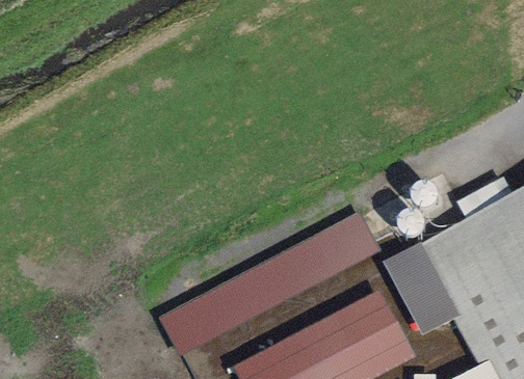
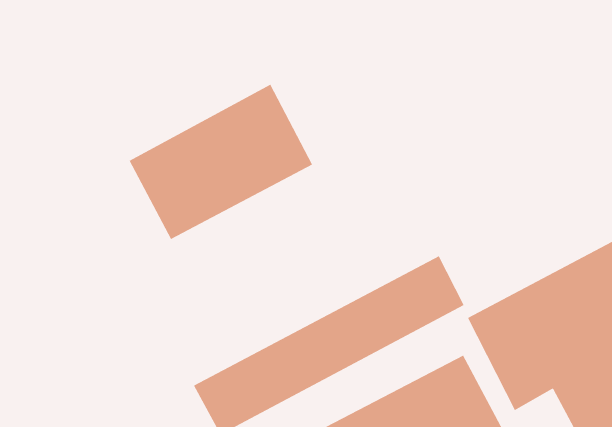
building: none -> [129,84,313,240]

